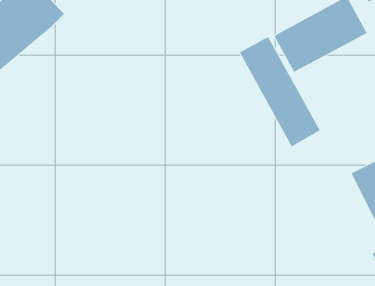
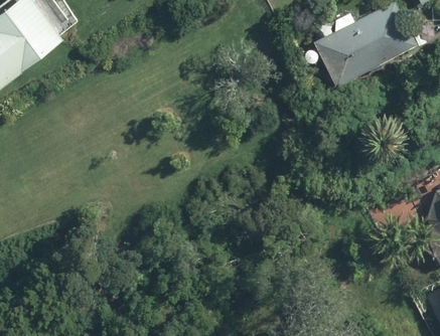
building: [239,36,321,147] -> none

